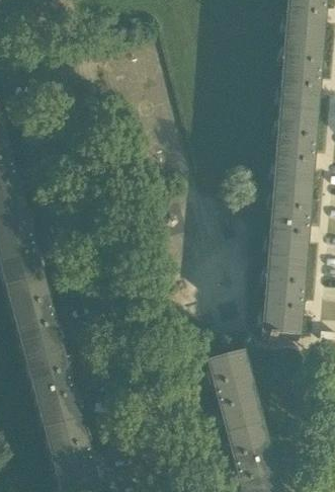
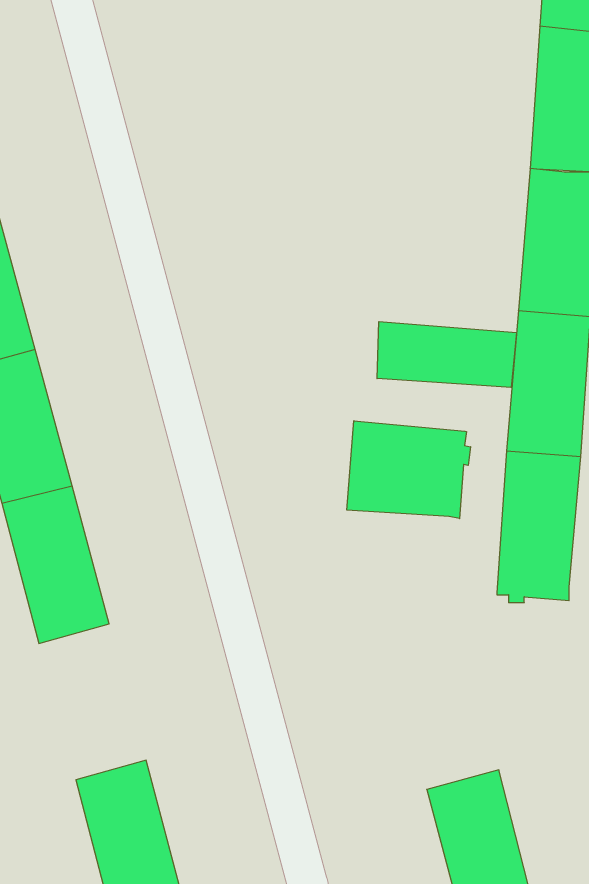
building: none -> [377,322,517,387]
building: none -> [347,421,471,519]
building: [25,350,81,431] -> none
building: [207,354,264,436] -> none

